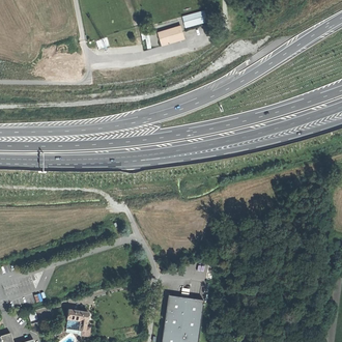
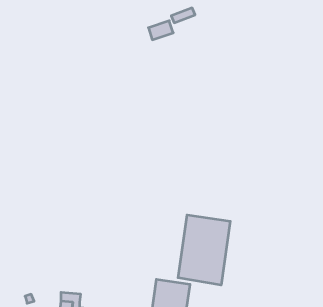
building: none -> [178,215,230,285]

